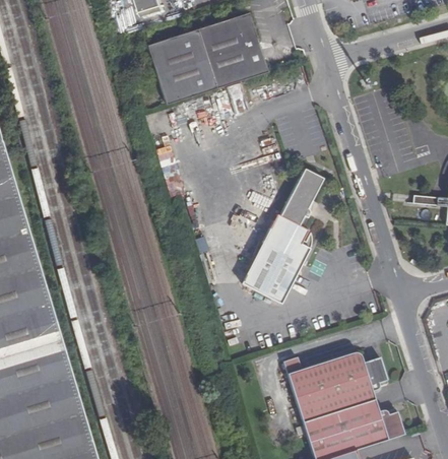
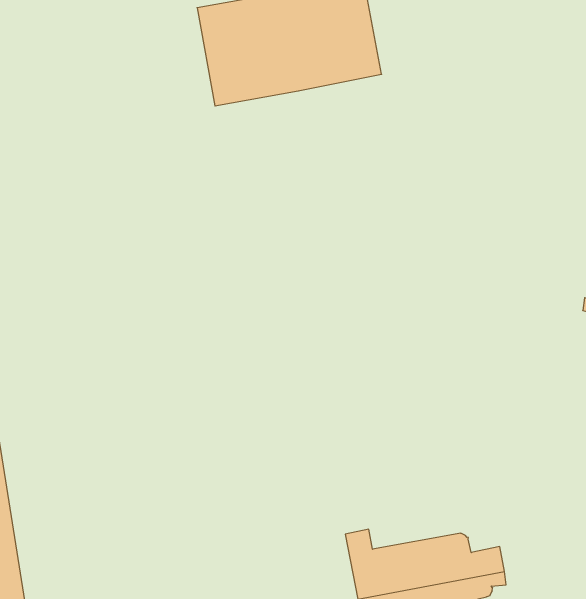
building: [241,169,323,304] -> none

